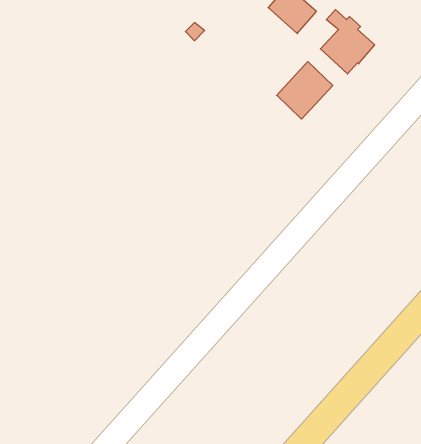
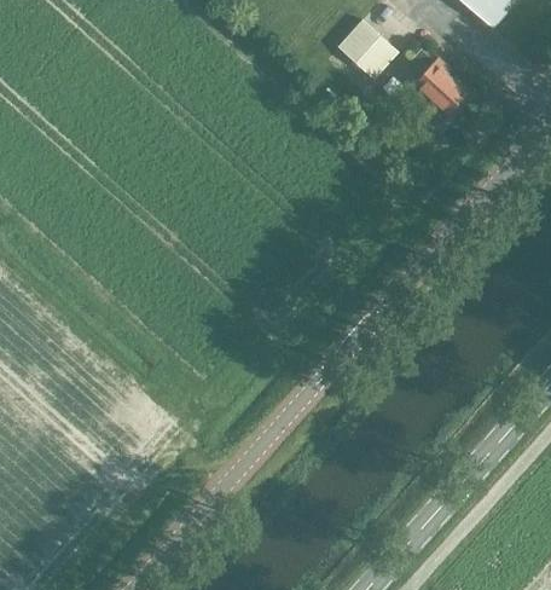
building: [277,62,333,119] -> none

